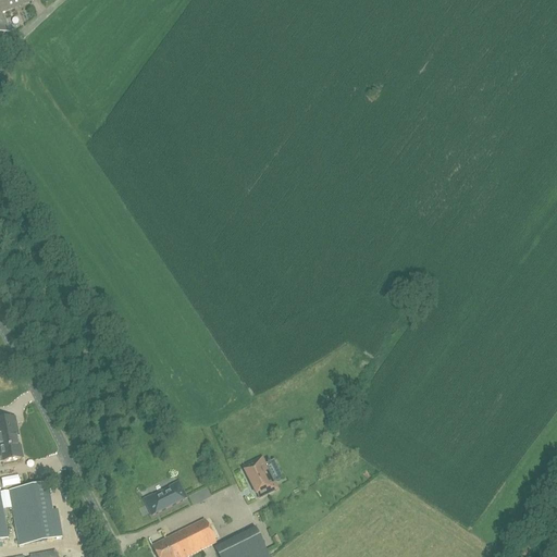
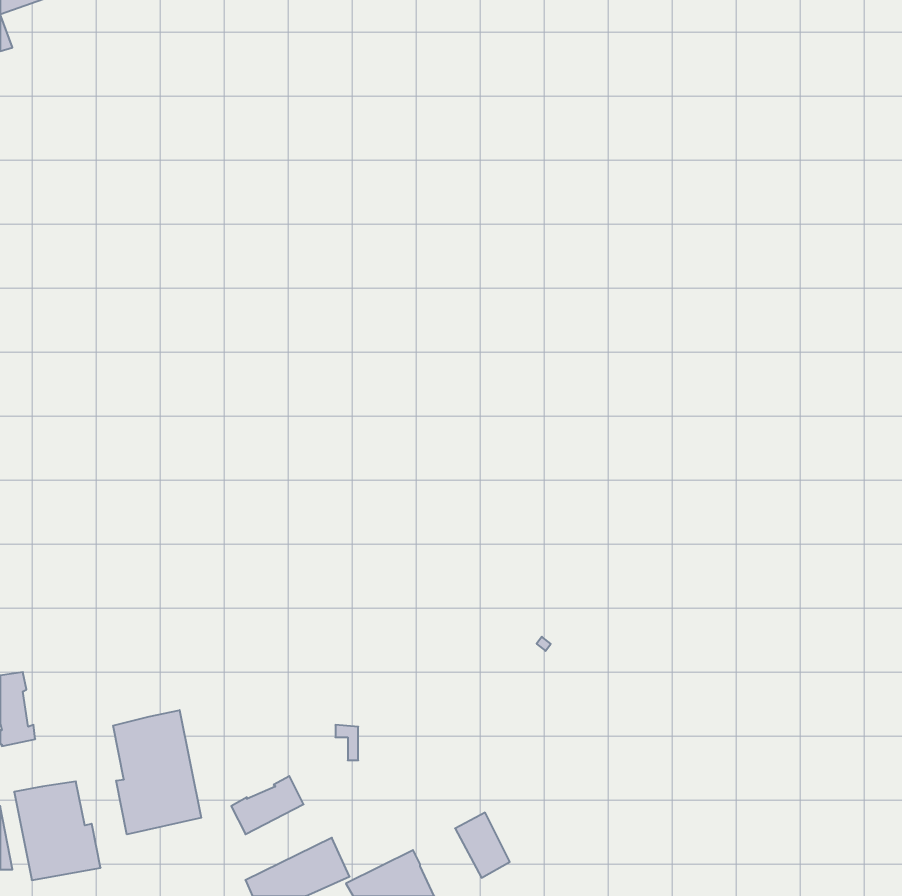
building: none -> [113,710,201,834]
building: [243,456,276,496] -> [455,813,510,878]

